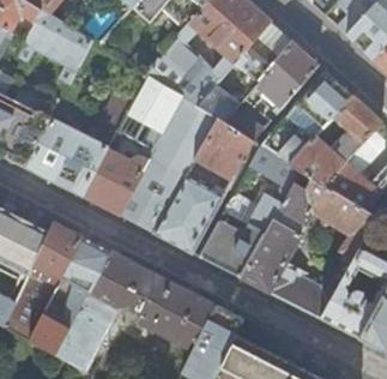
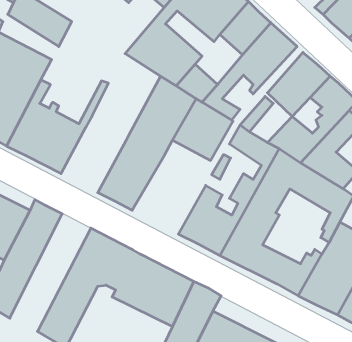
building: [113,74,182,157] -> none
building: [81,149,147,215] -> none
building: [153,178,226,252] -> none
building: [30,236,111,355] -> none

